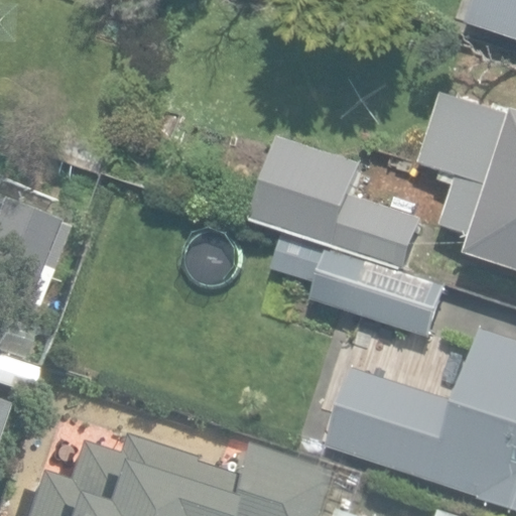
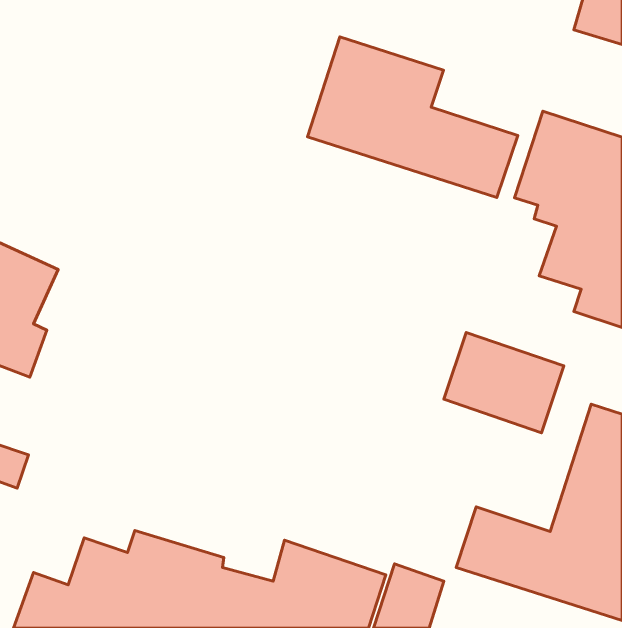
building: [249,136,420,267] -> [308,37,518,197]

